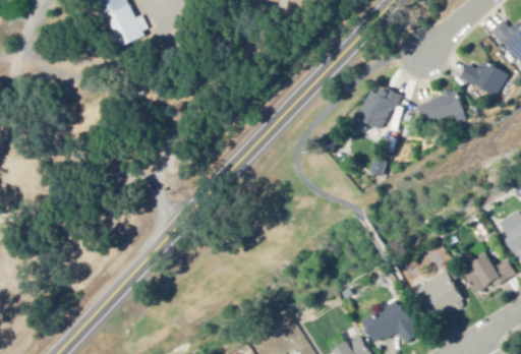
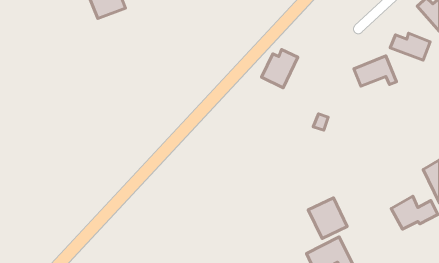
building: [357,85,400,130] -> [262,50,298,88]
building: [417,272,463,319] -> [308,198,347,239]

